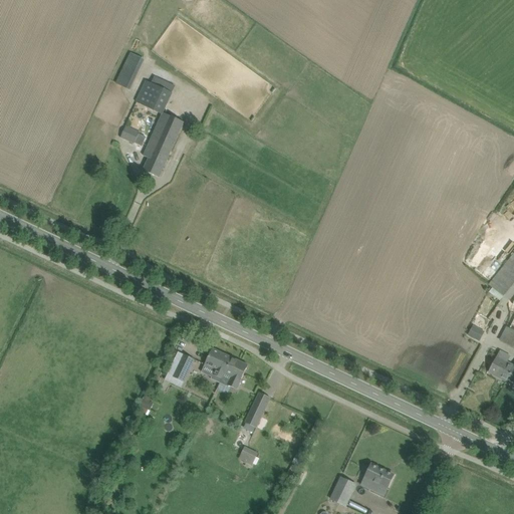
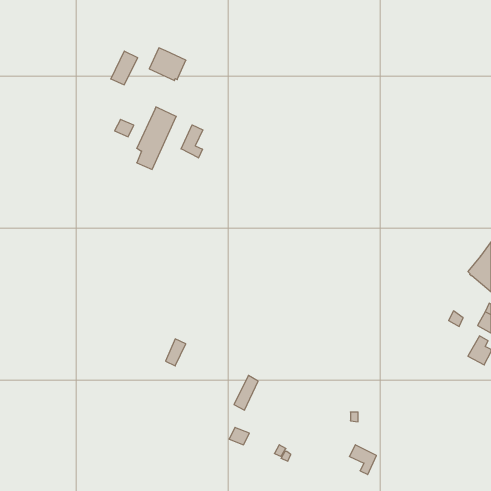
building: [136,79,174,113] -> [149,48,186,81]
building: none -> [181,125,203,158]
building: [204,347,247,389] -> none
building: [329,477,354,505] -> none

